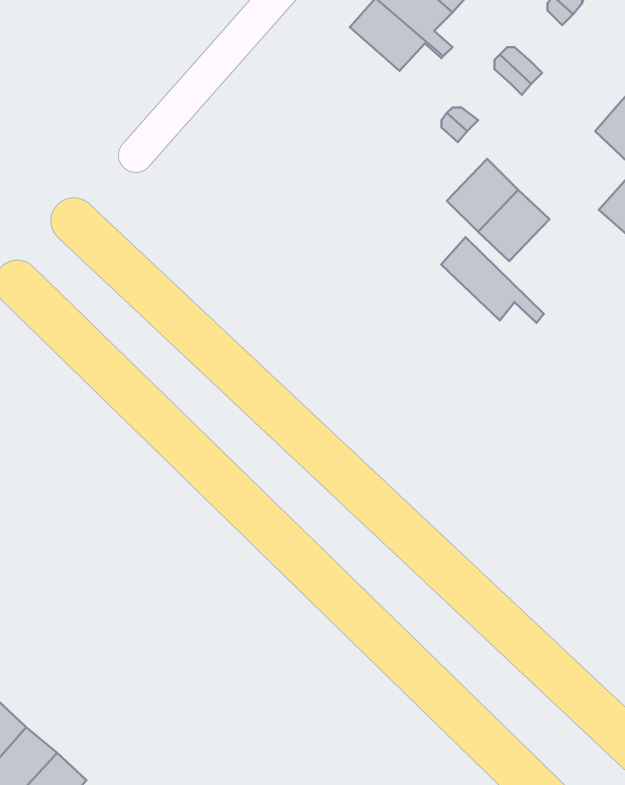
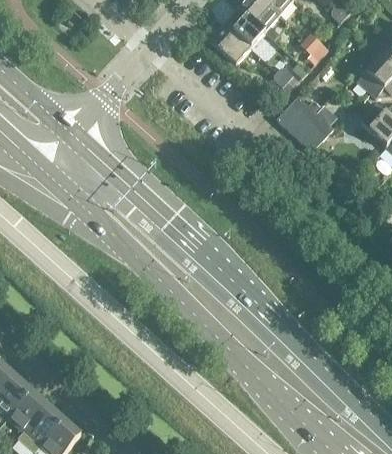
building: none -> [209,23,251,64]
building: [441,237,544,323] -> none

